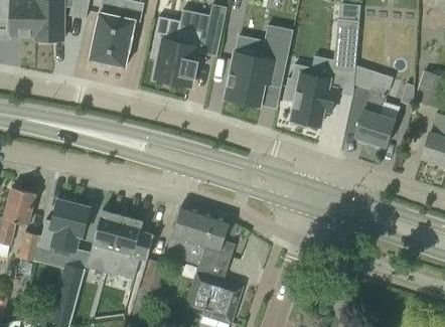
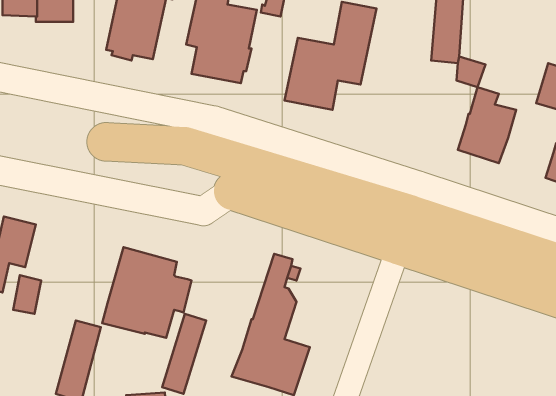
building: [283,63,335,126] -> none
building: [38,196,90,252] -> none
building: [165,203,215,264] -> none

